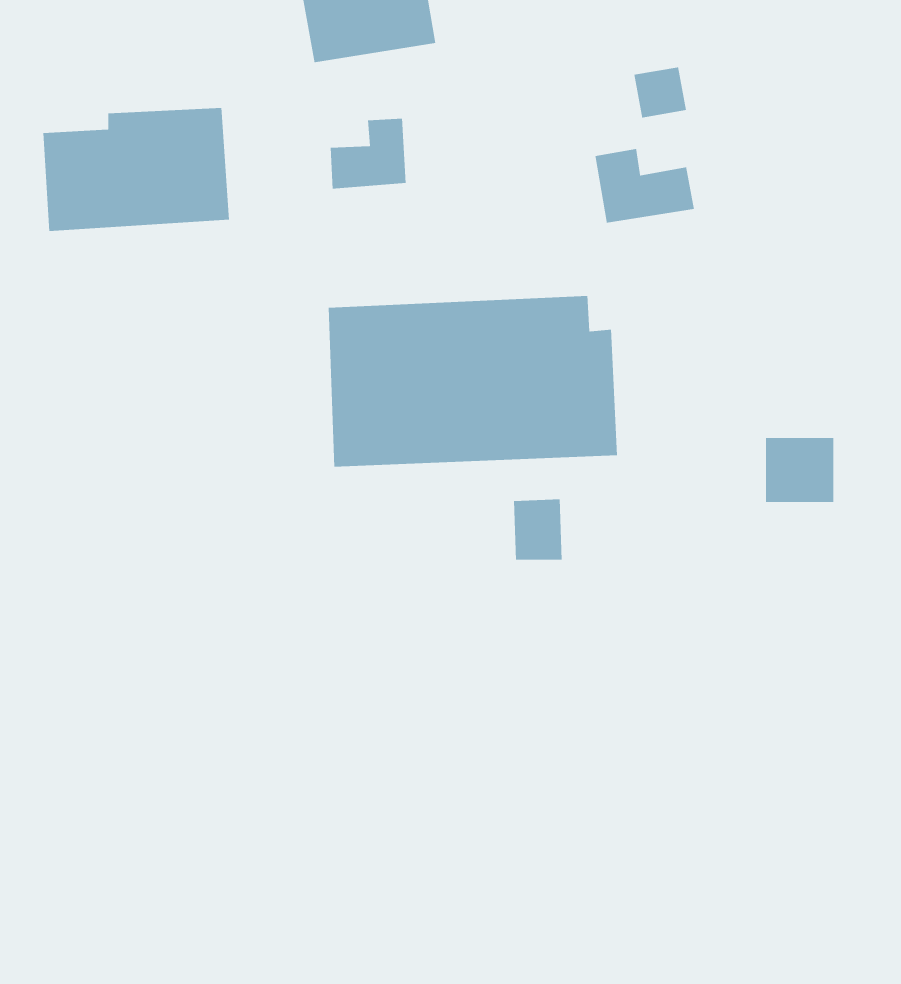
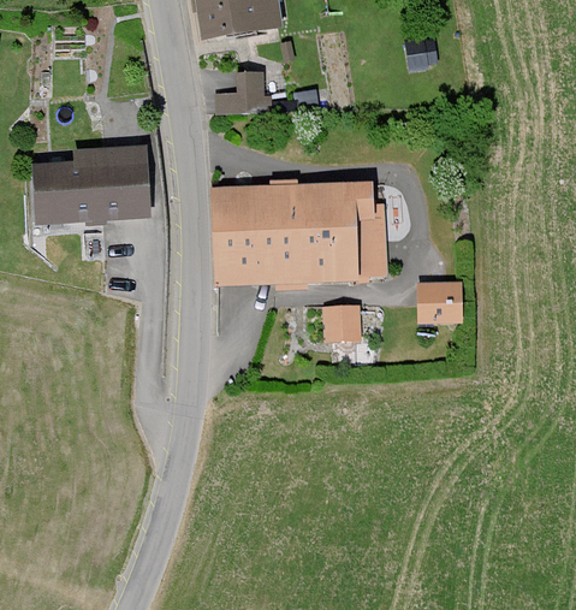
building: [43,107,230,232] -> [32,144,147,220]
building: [595,148,695,223] -> none
building: [765,437,834,503] -> [420,282,462,321]

